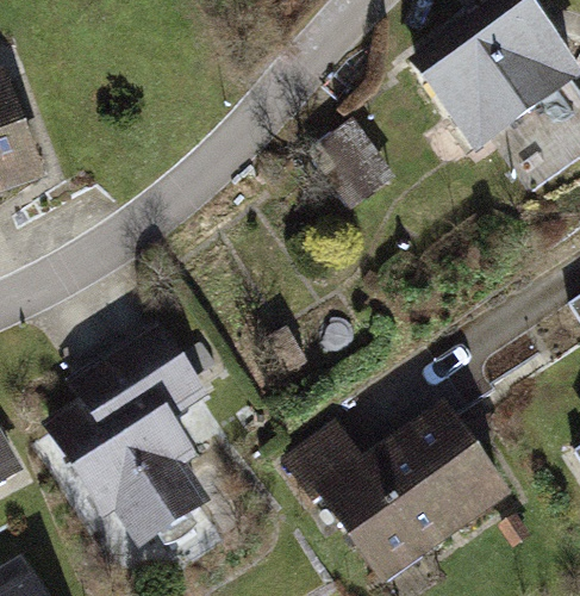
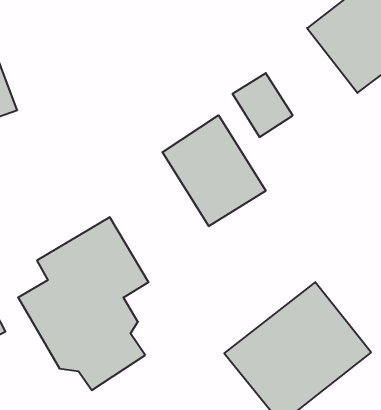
building: none -> [162,115,266,226]

